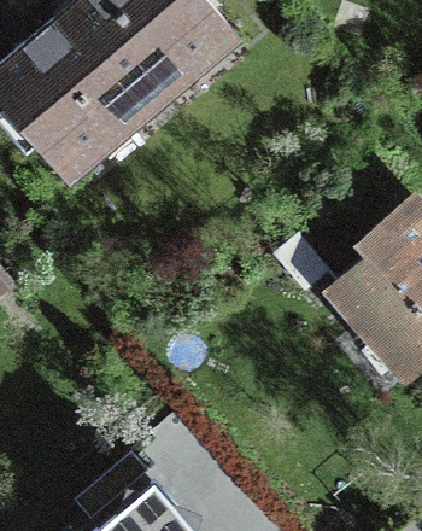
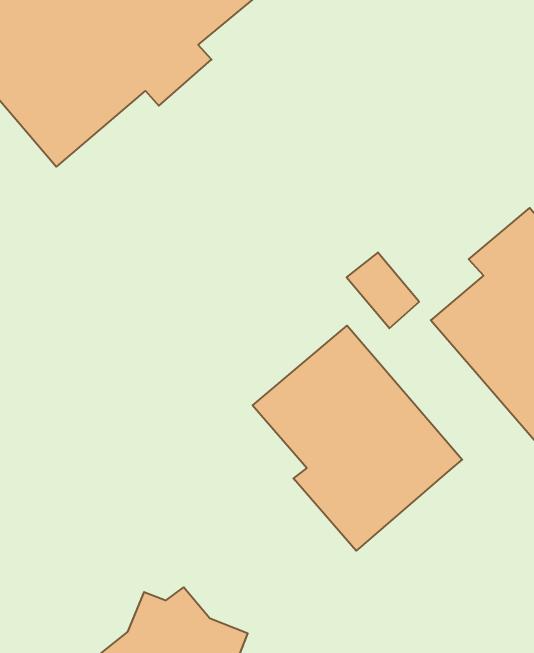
building: none -> [253,326,462,551]

